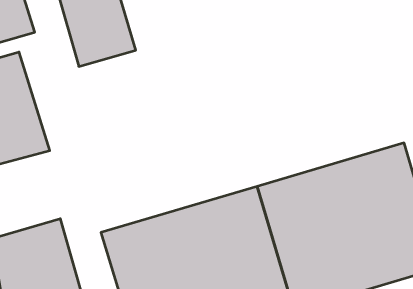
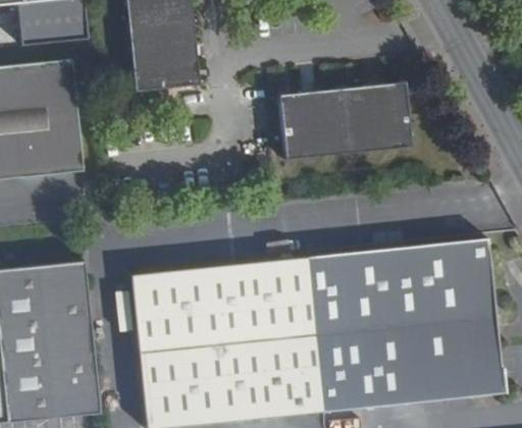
building: none -> [279,76,416,157]

